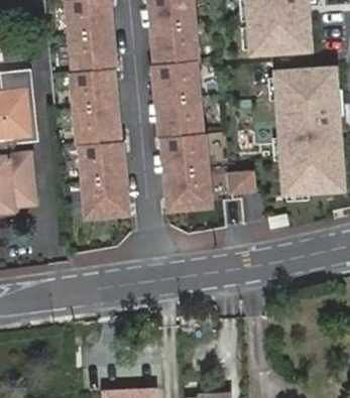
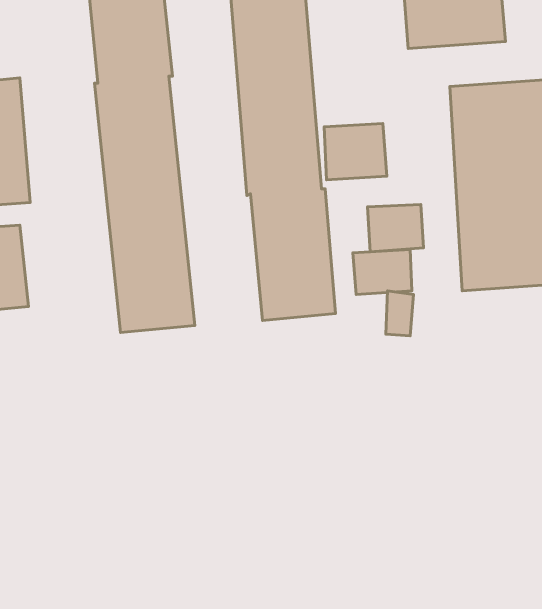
building: none -> [324,123,387,180]
building: none -> [368,204,423,252]

